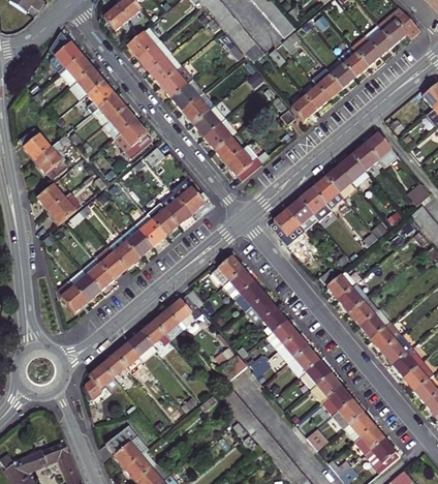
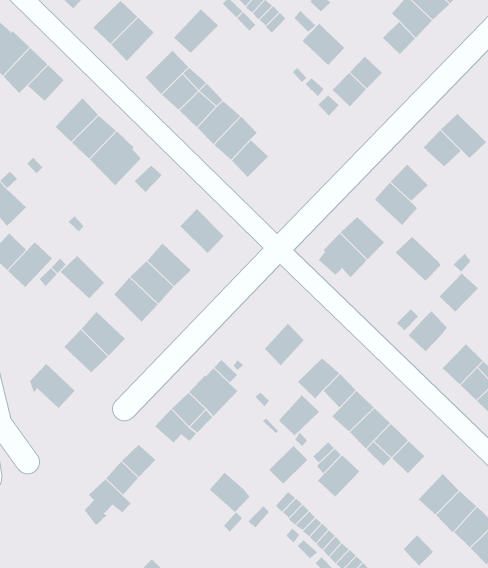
building: [149,53,182,84] -> [173,8,219,53]
building: [312,67,342,98] -> [302,23,345,66]
building: [87,80,115,112] -> none
building: [225,144,262,180] -> none
building: [339,154,369,185] -> none
building: [300,187,332,220] -> [395,236,441,281]
building: [160,191,191,223] -> none
building: [108,235,139,267] -> [60,255,105,299]
building: [213,255,243,284] -> none
building: [69,268,100,300] -> none
building: [234,281,264,310] -> [278,395,320,436]
building: [338,283,367,311] -> [439,272,479,312]
building: [128,331,157,361] -> [209,472,251,513]
building: [310,372,341,402] -> [317,454,360,498]

